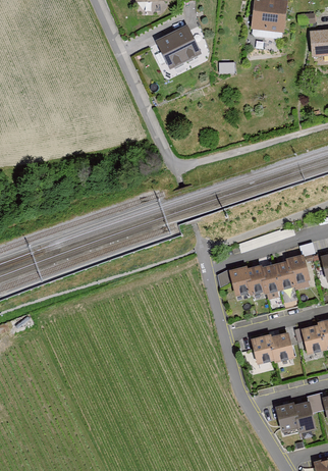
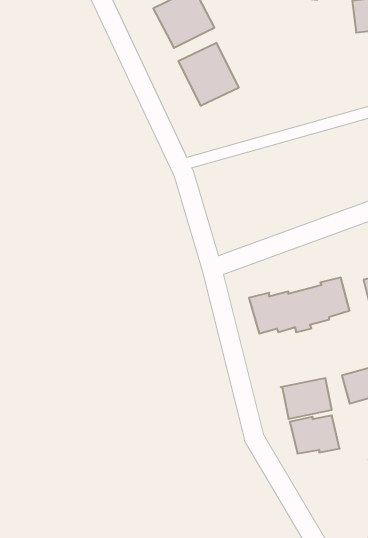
building: none -> [178,43,239,106]
building: [276,404,316,434] -> [290,415,340,454]

